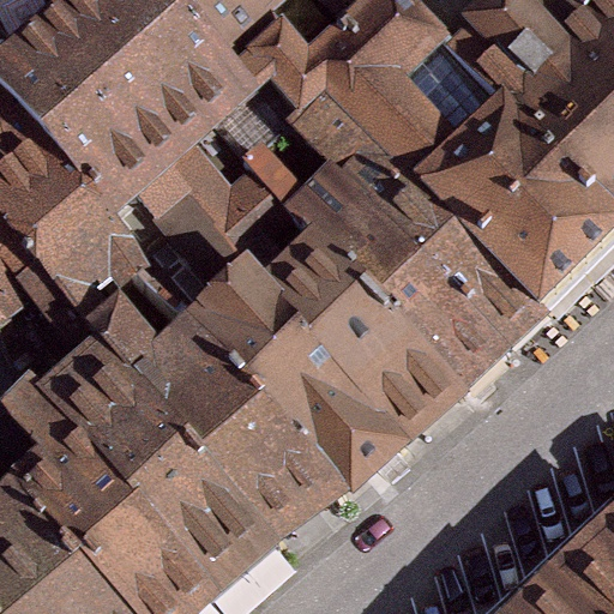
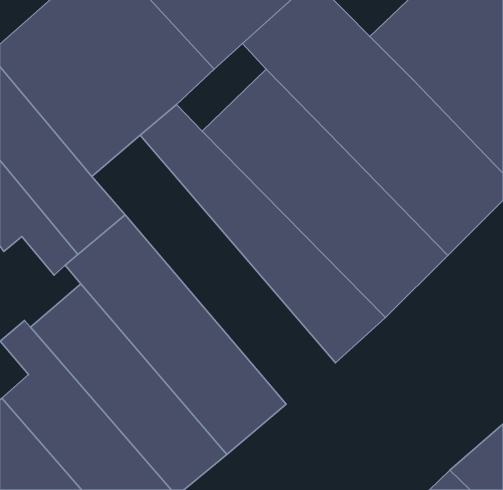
building: [112,164,408,492] -> none

